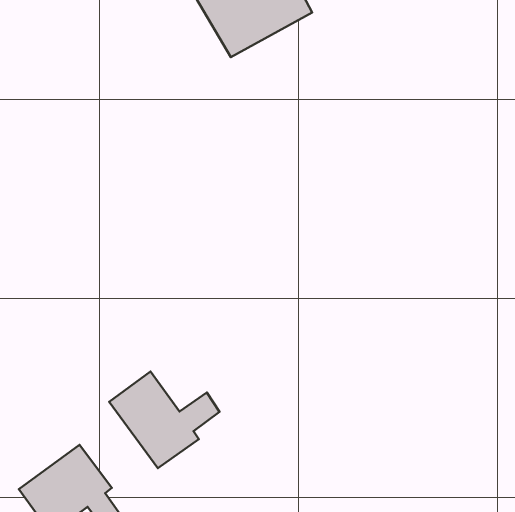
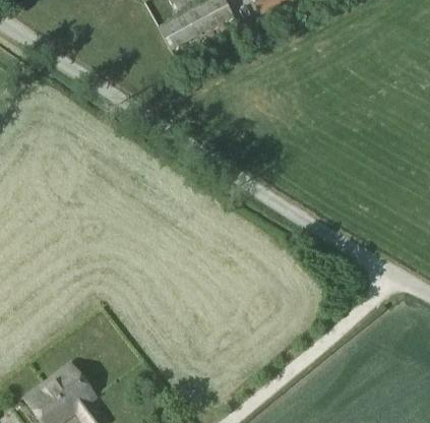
building: [109,371,219,468] -> none

